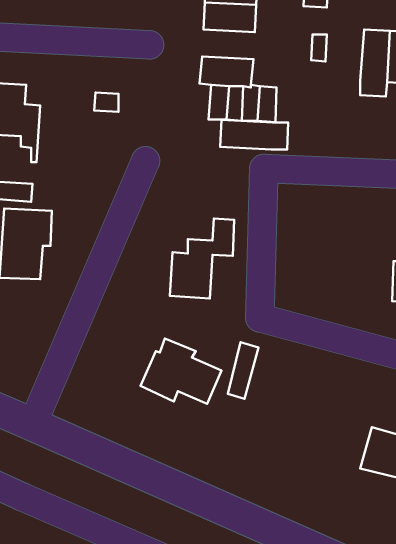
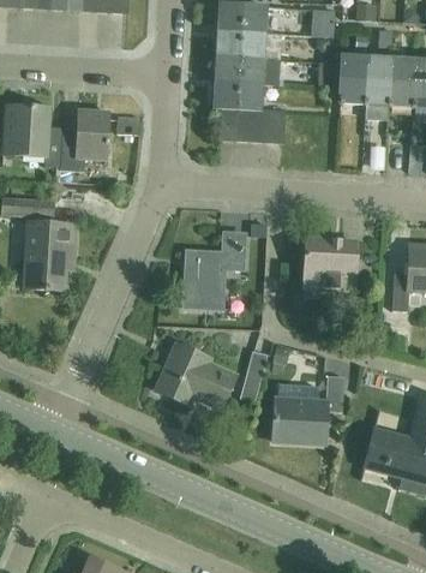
building: none -> [338,55,366,105]
building: none -> [60,111,109,181]
building: [220,120,288,149] -> [215,56,278,84]
building: none -> [302,239,355,290]
building: none -> [272,376,343,442]

